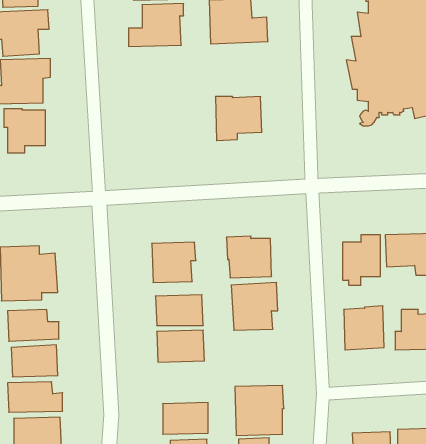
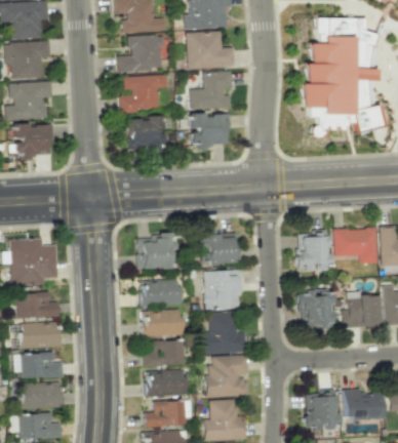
building: none -> [191,73,232,110]
building: none -> [120,76,167,112]
building: none -> [126,117,164,148]
building: none -> [202,313,246,354]
building: none -> [144,340,185,366]

